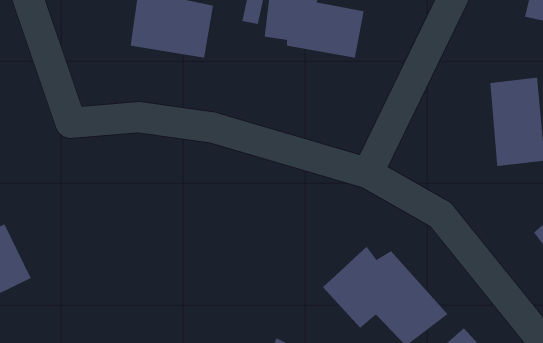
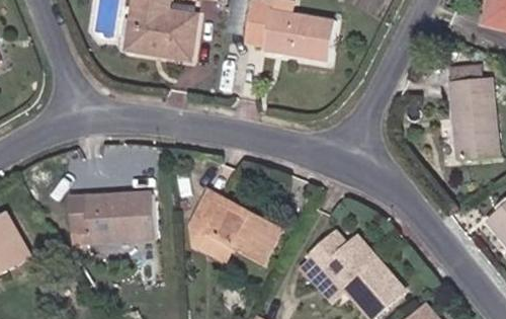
building: none -> [187,186,282,268]
building: none -> [68,191,154,244]

